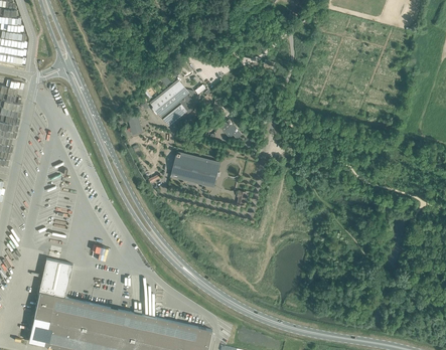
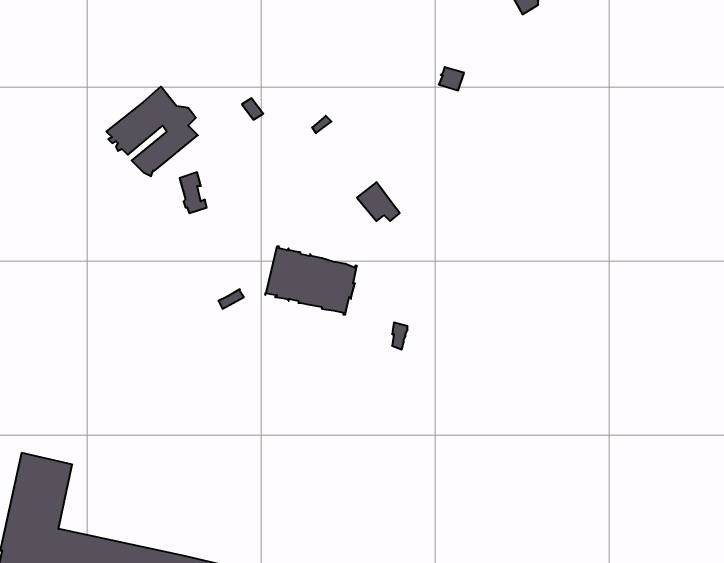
building: [148,81,195,128] -> [106,87,198,176]

